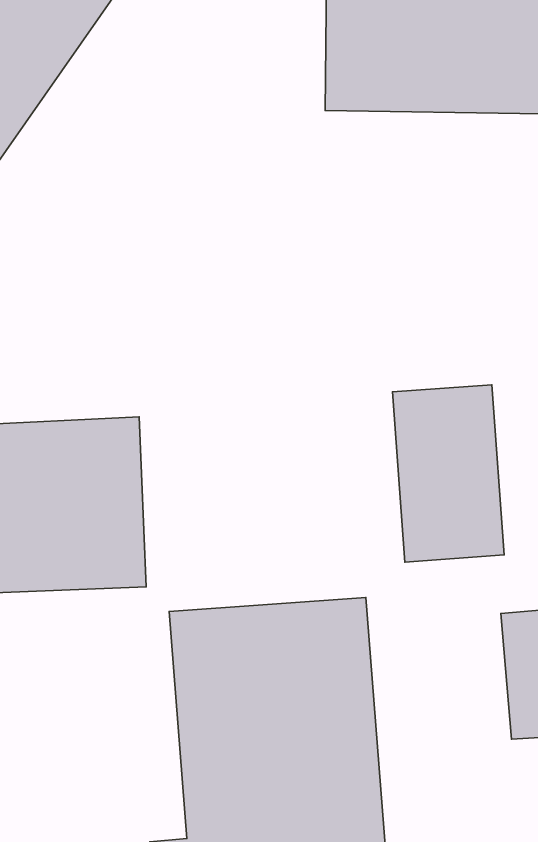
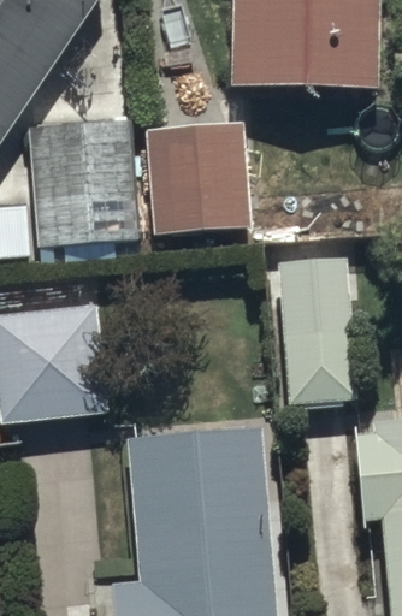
building: none -> [26,116,141,251]
building: none -> [147,118,252,236]

